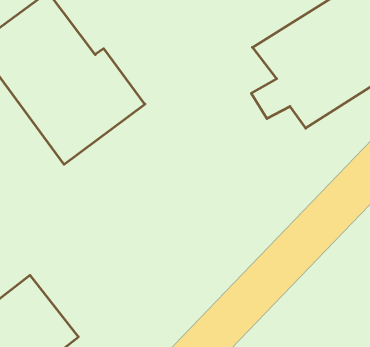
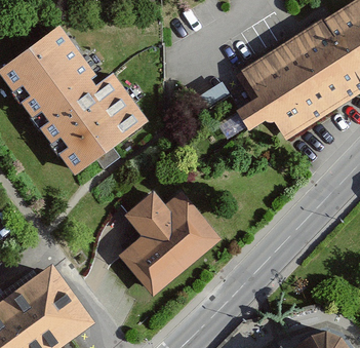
building: none -> [120,190,218,294]

